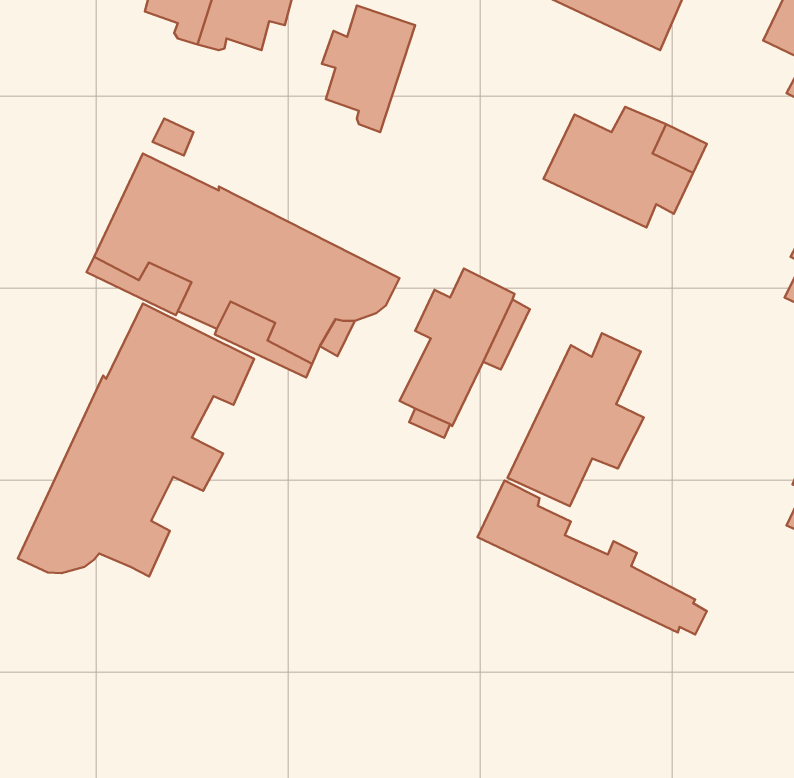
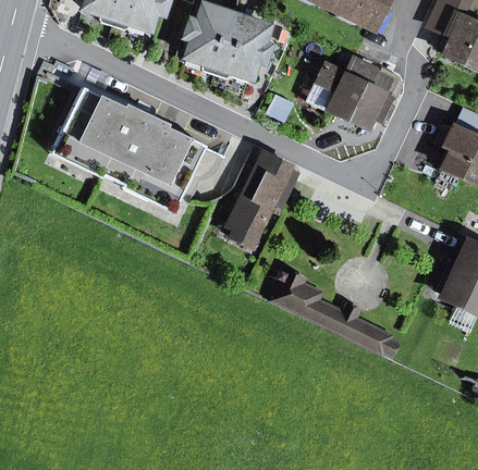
building: none -> [217,14,270,77]
building: [18,303,254,576] -> none
building: [508,333,644,506] -> none

